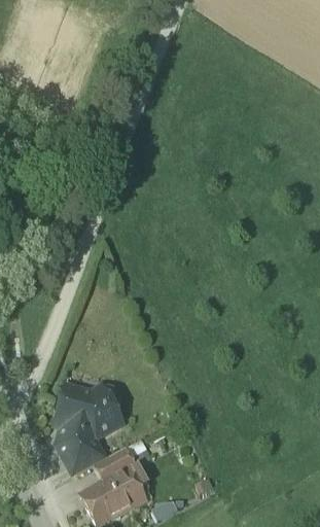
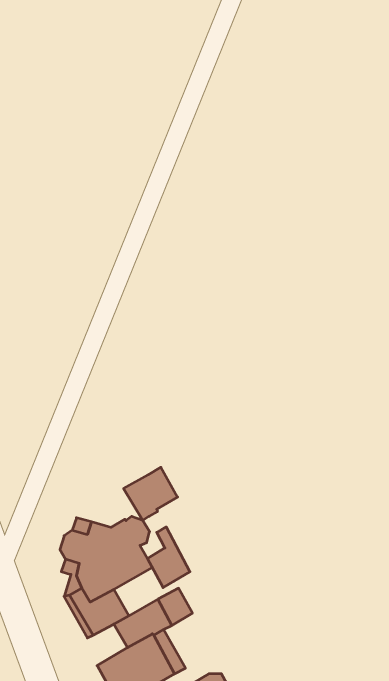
building: none -> [124,467,178,521]
building: none -> [148,527,190,588]

